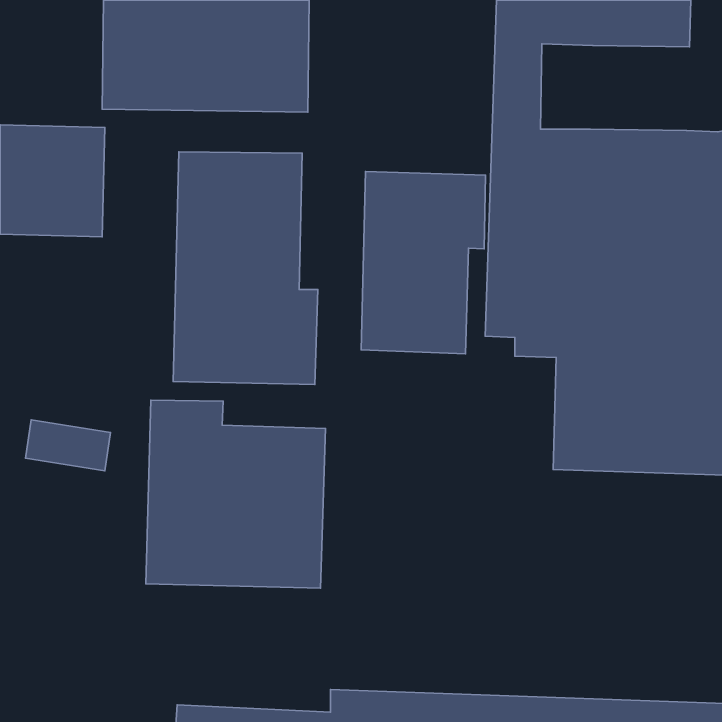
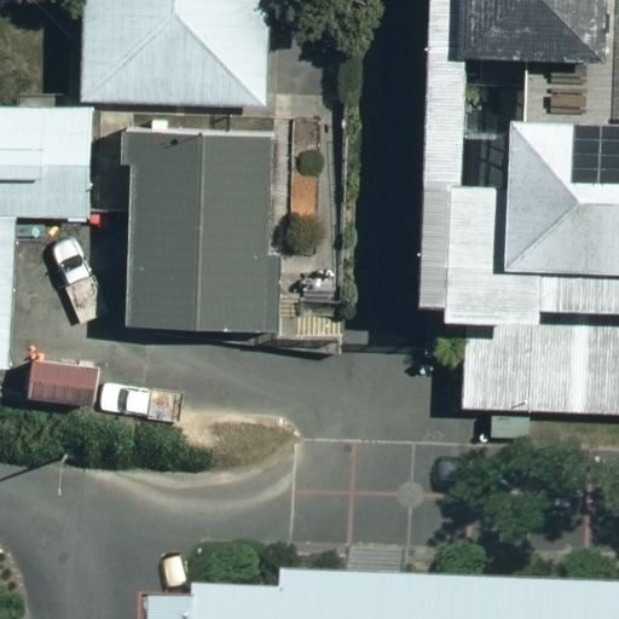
building: [361,172,486,354] -> none
building: [146,400,326,588] -> none

